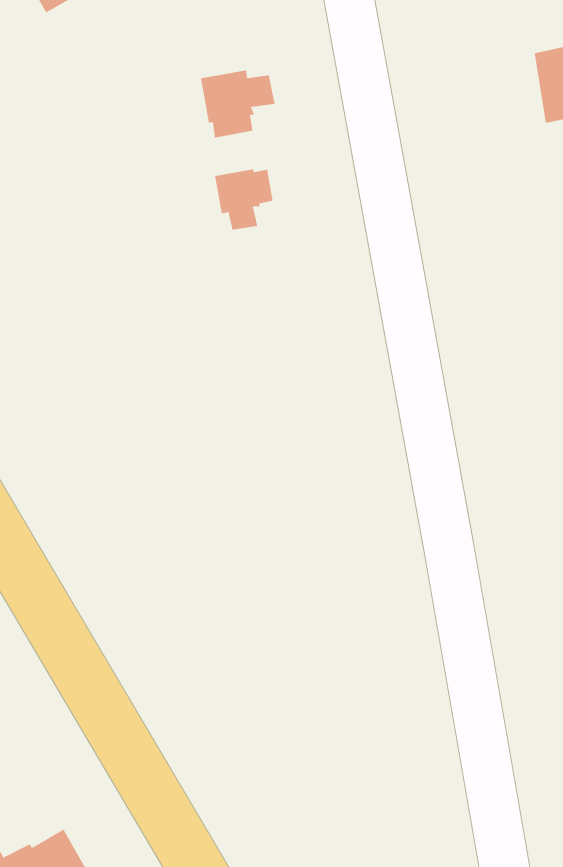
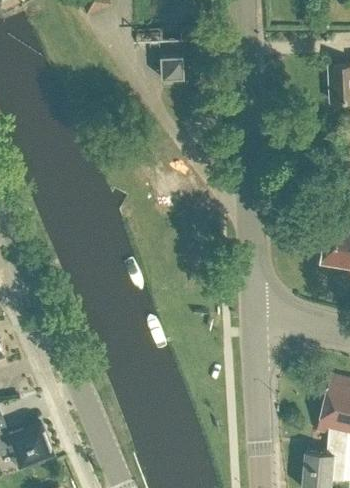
building: [214,168,273,230] -> none

